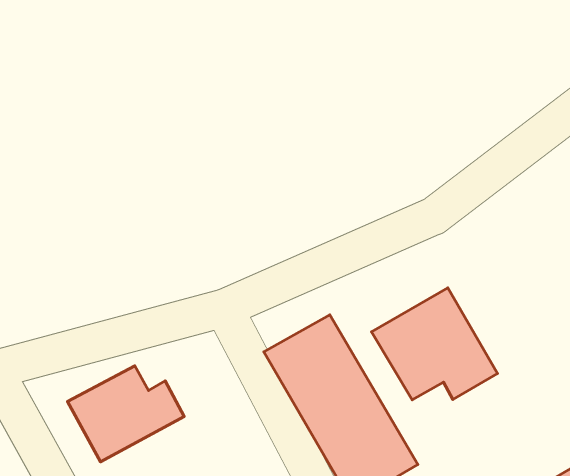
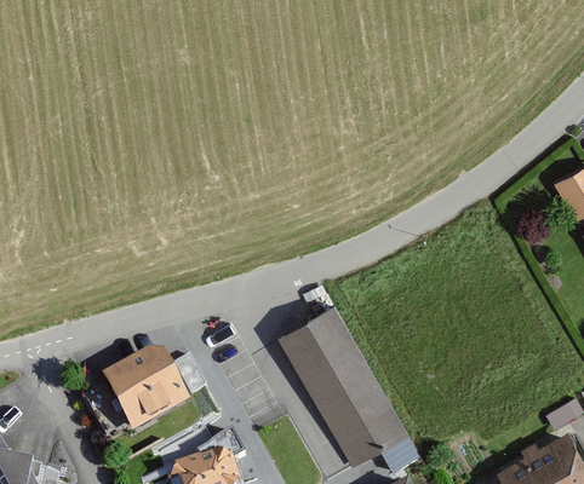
building: [372,288,497,400] -> none

